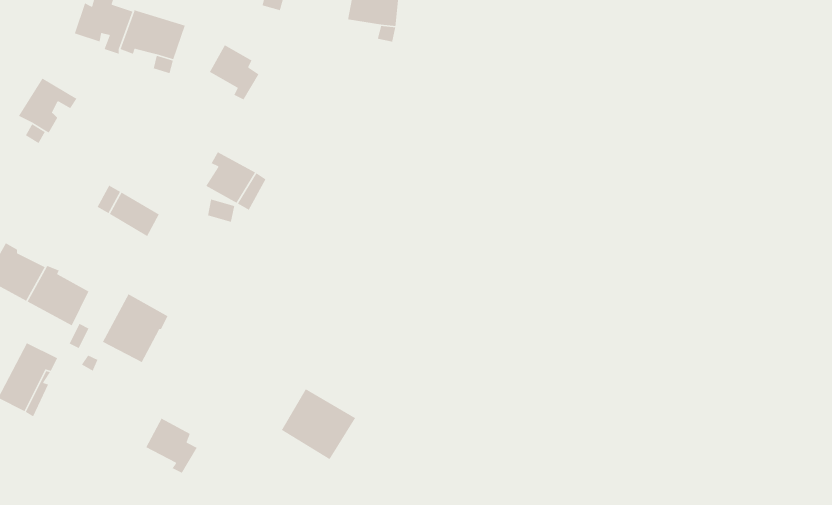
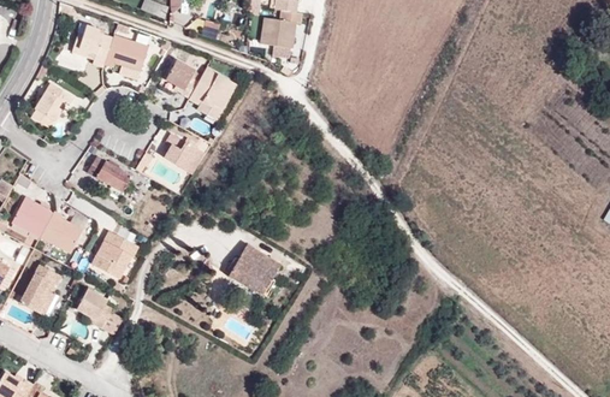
building: none -> [188,67,237,119]
building: [281,388,356,460] -> [229,244,280,294]
building: [145,418,198,474] -> [76,288,112,326]

